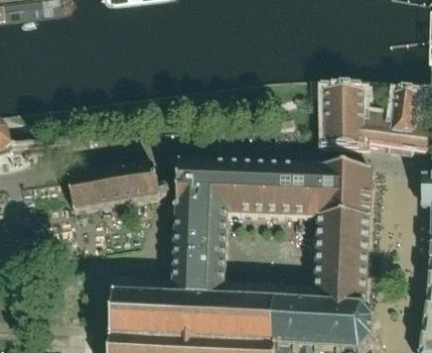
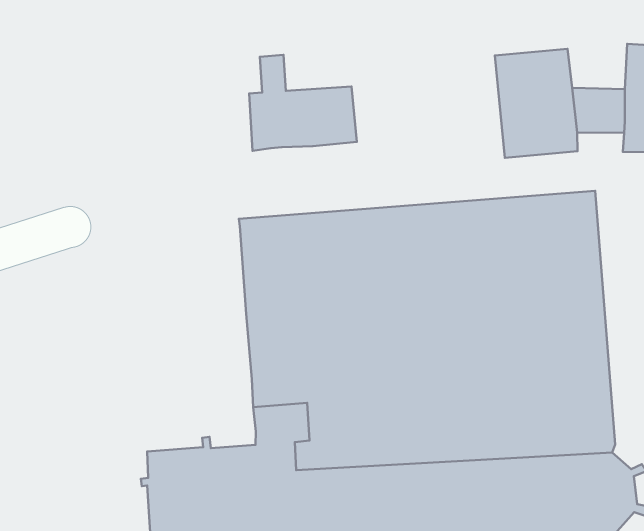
building: none -> [249,55,357,151]
building: [67,161,169,209] -> none

